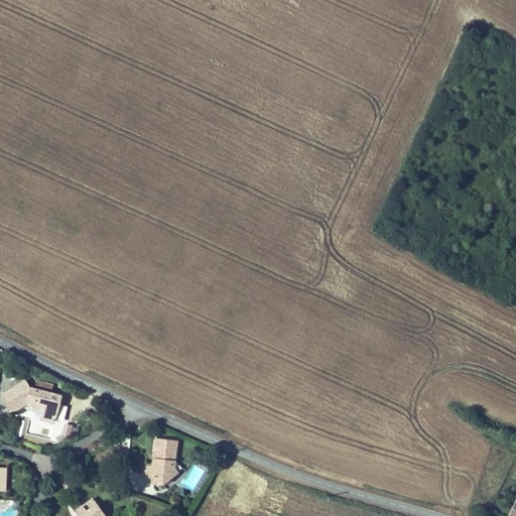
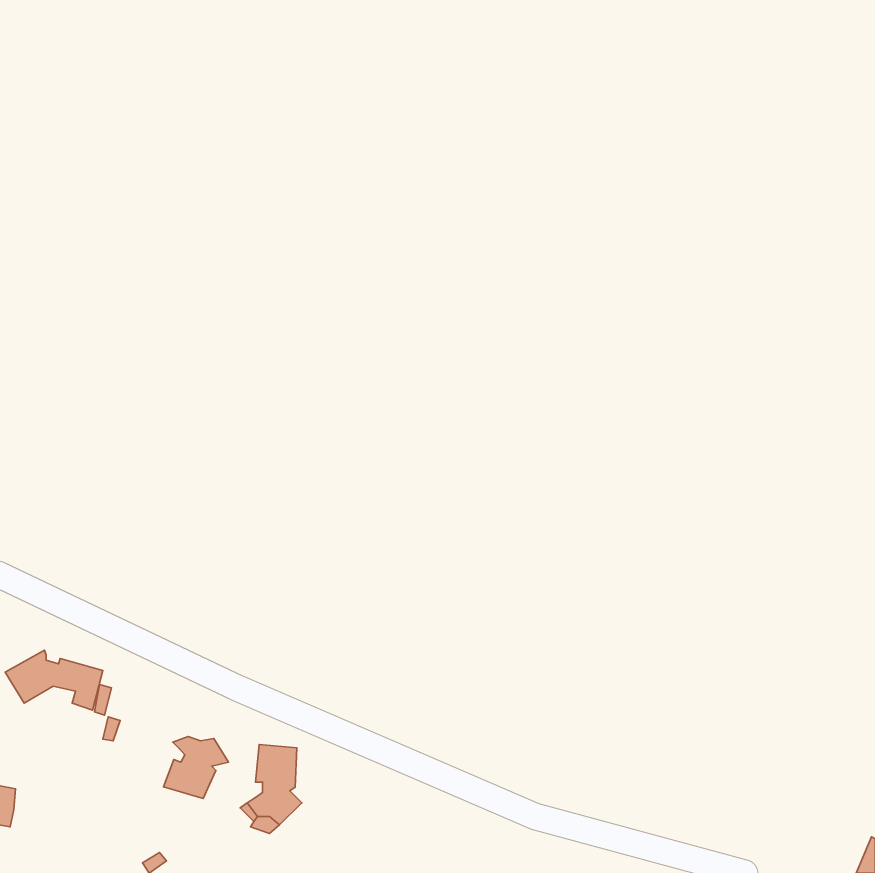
building: none -> [164,736,228,798]

